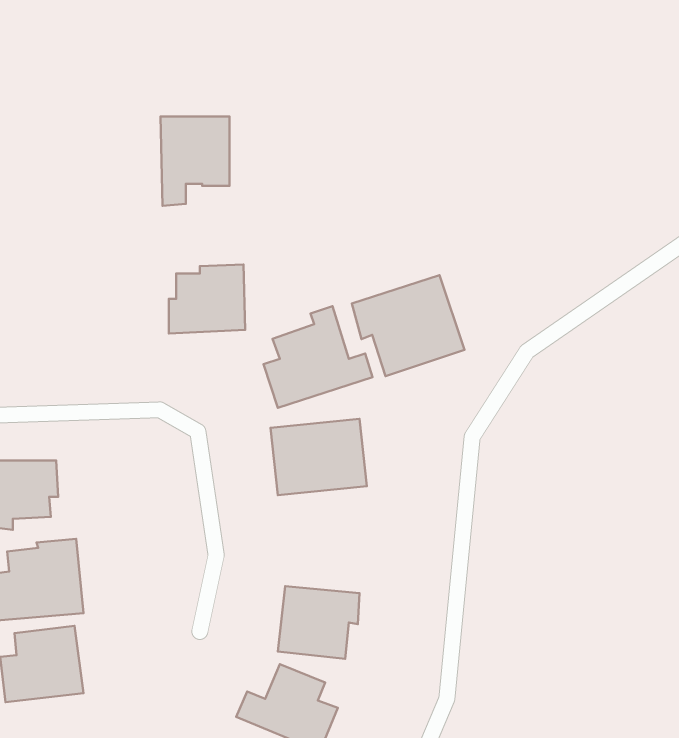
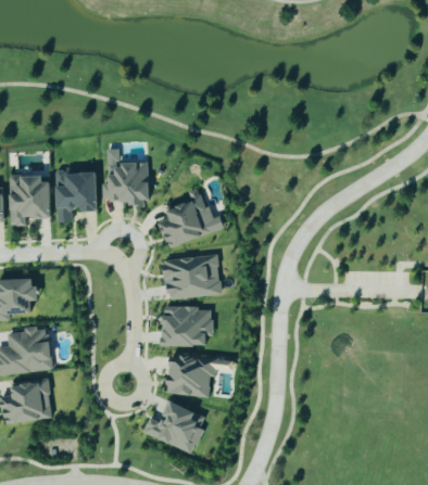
building: [161,117,230,206] -> [55,169,97,222]
building: [352,275,465,376] -> none
building: none -> [9,175,50,226]
building: none -> [162,306,212,346]

